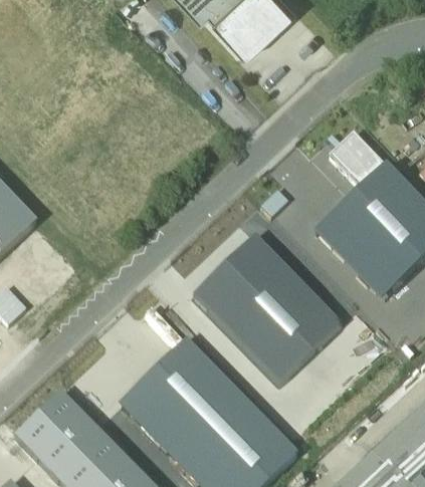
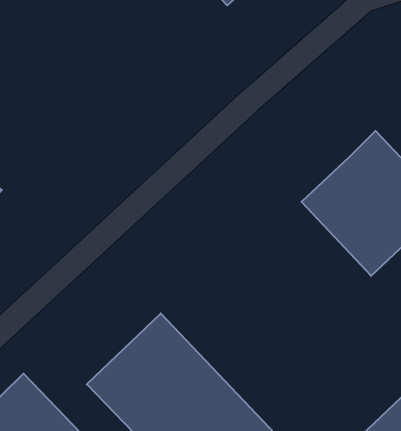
building: [330,131,387,189] -> none
building: [190,233,341,385] -> none

